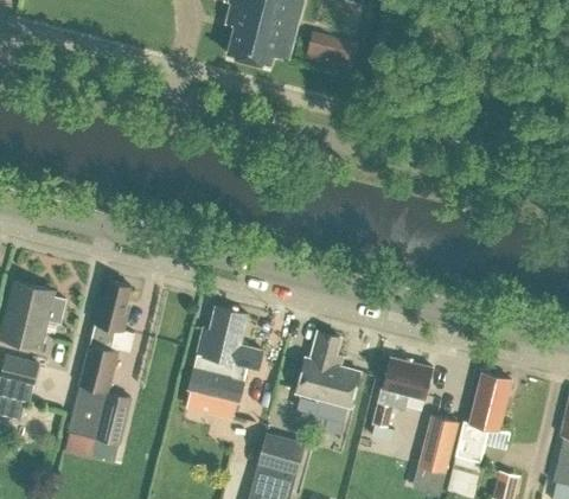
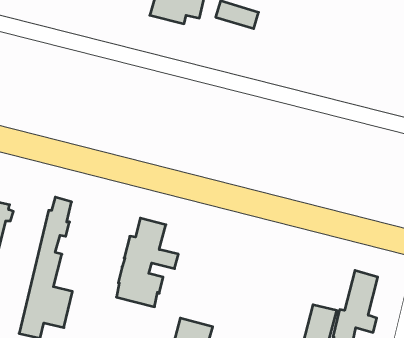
building: [298,333,359,423] -> none
building: [371,359,433,442] -> none

